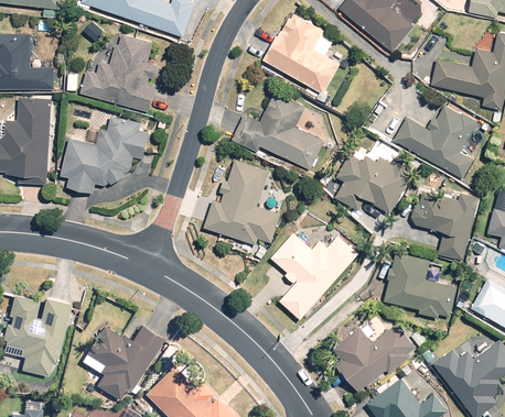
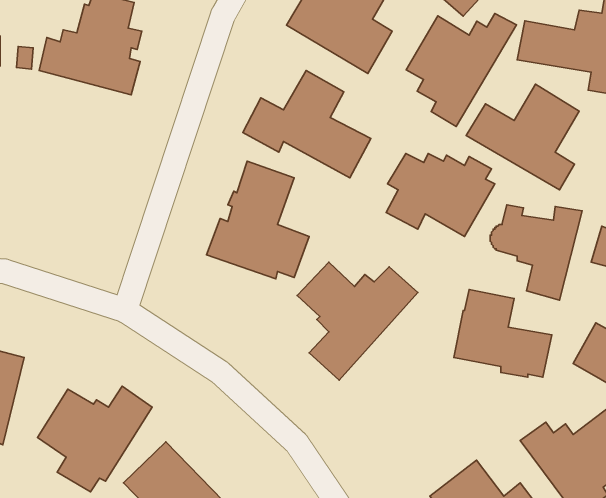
building: none -> [406,13,516,127]
building: [62,117,150,194] -> none
building: [337,323,417,392] -> none

